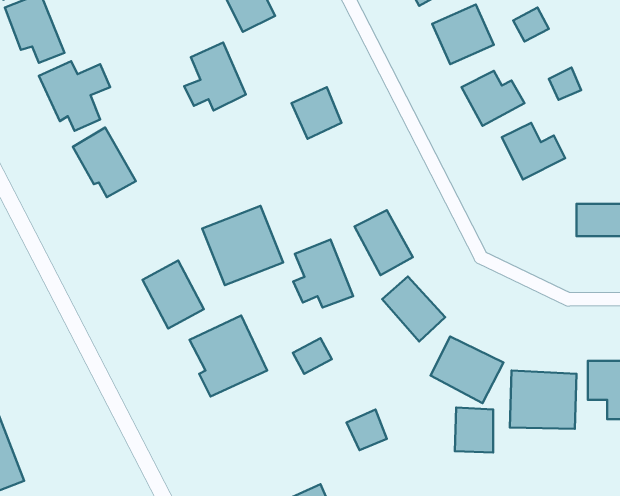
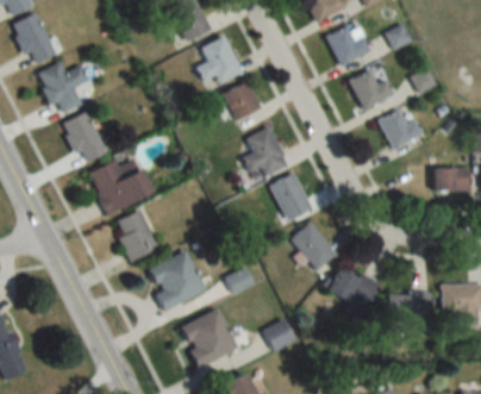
building: [184,43,246,111] -> [198,36,243,86]
building: [202,206,283,285] -> [90,155,150,213]
building: [293,239,353,307] -> [245,126,289,176]
building: none -> [180,307,238,367]
building: [455,408,493,452] -> none

